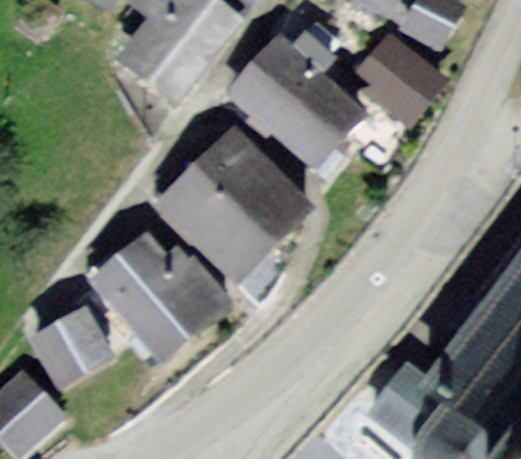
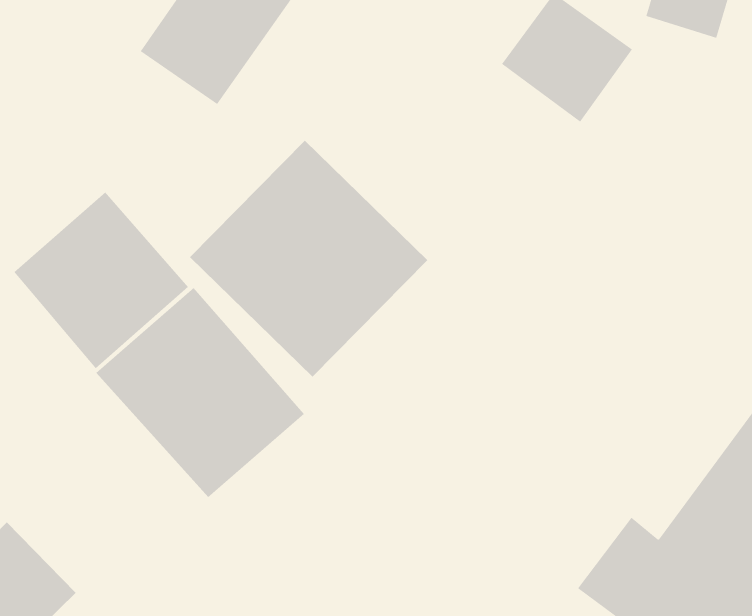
building: [249,36,387,172] -> none
building: none -> [14,191,189,369]
building: [18,295,98,375] -> none

